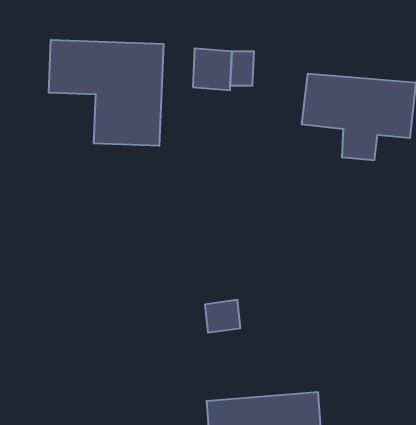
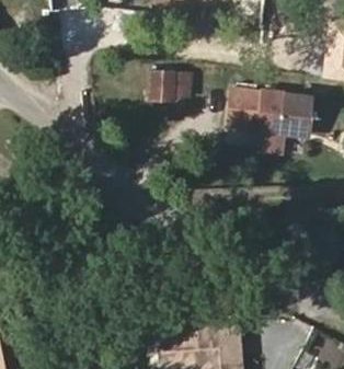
building: [49,40,164,146] -> none

